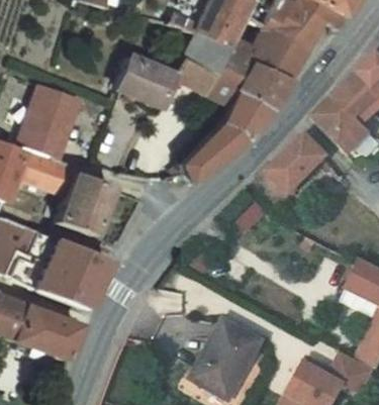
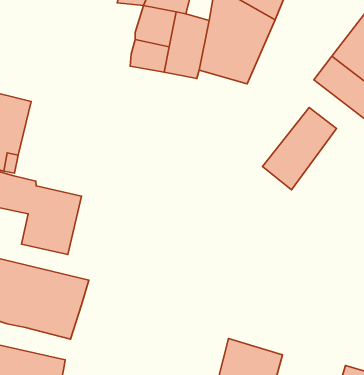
building: [114,55,169,105] -> none
building: [173,91,265,183] -> none

